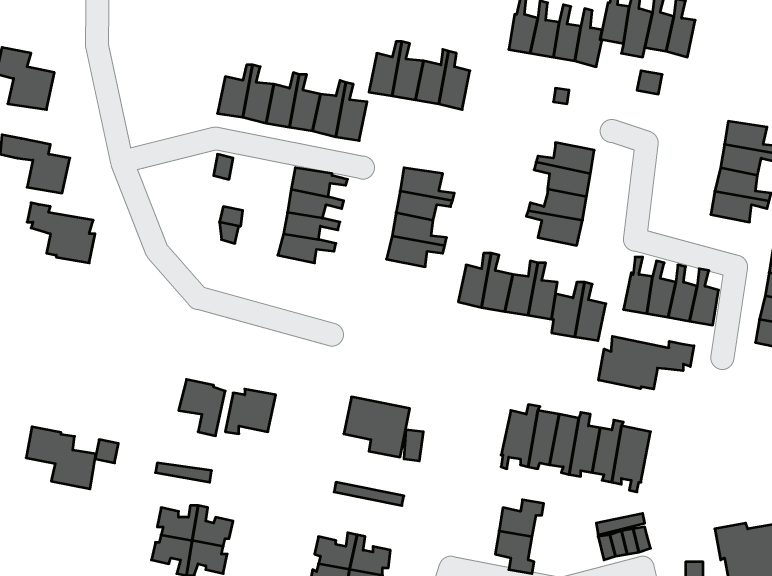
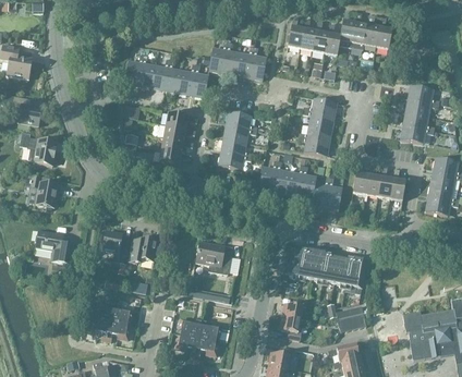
building: none -> [25,174,58,207]
building: [599,336,694,389] -> none
building: [26,427,96,489] -> [36,230,75,265]

